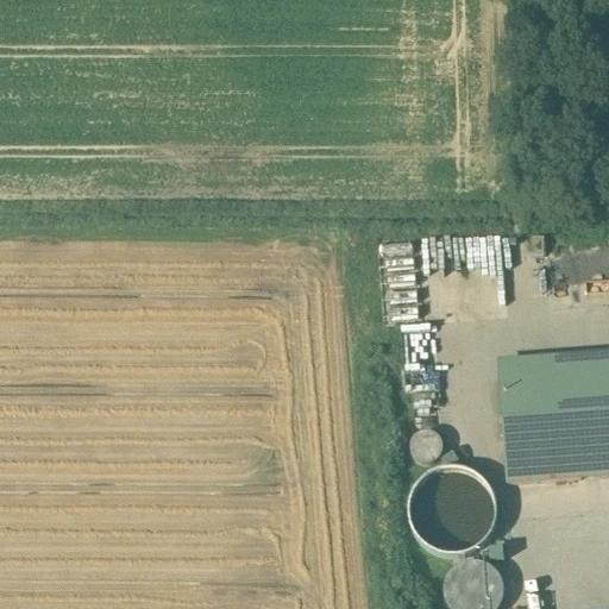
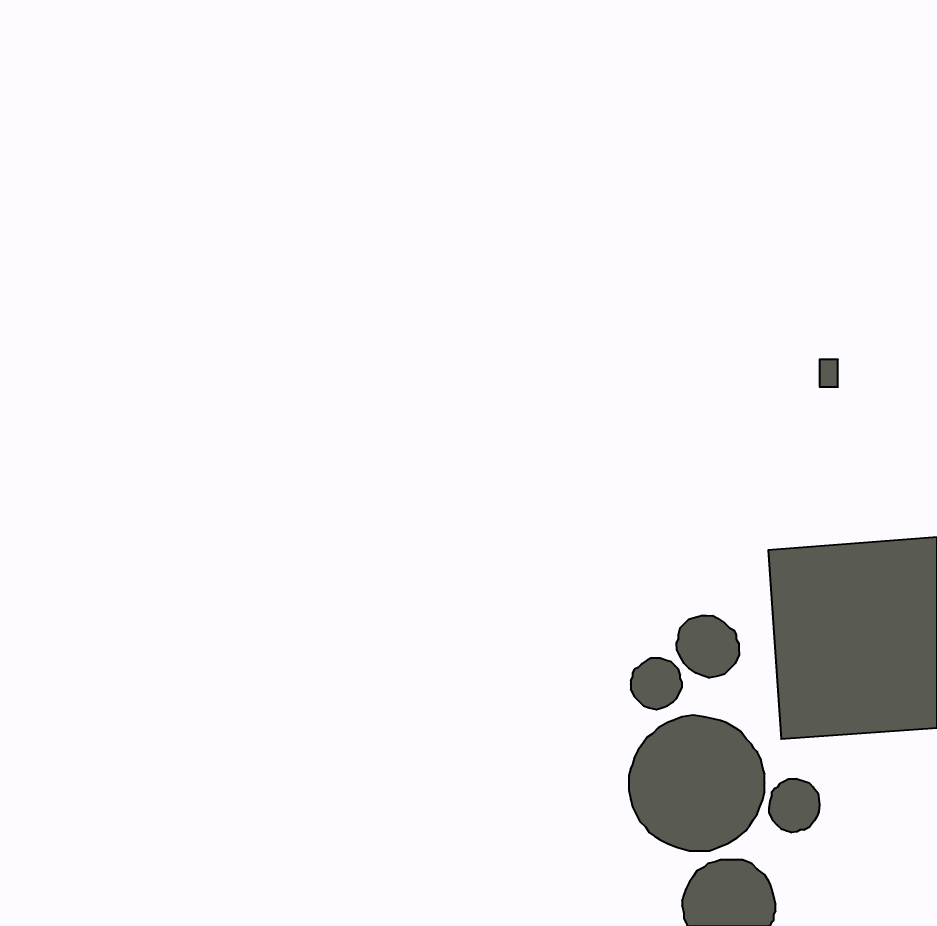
building: none -> [677,615,739,678]
building: none -> [769,779,820,833]

